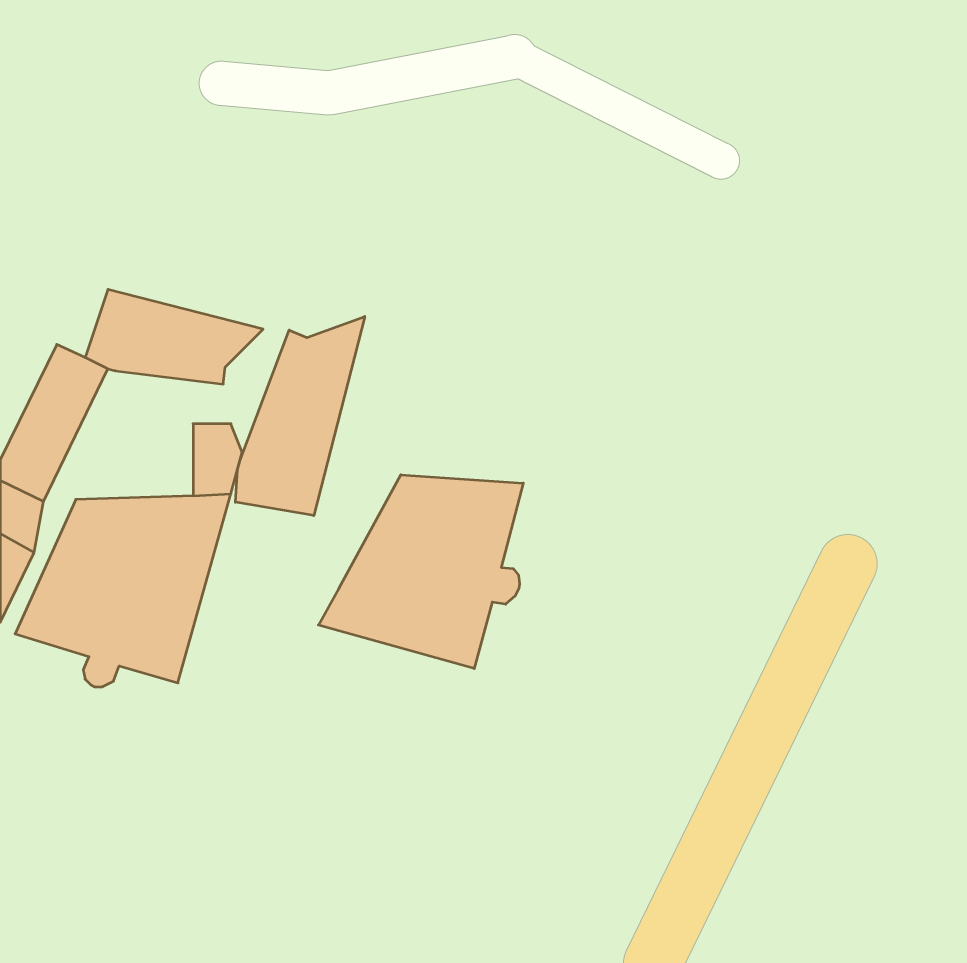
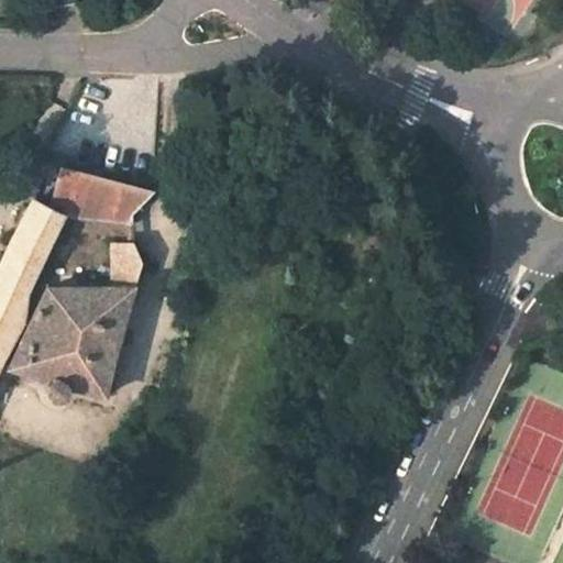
building: [235,316,365,516] -> none
building: [318,475,523,669] -> none

